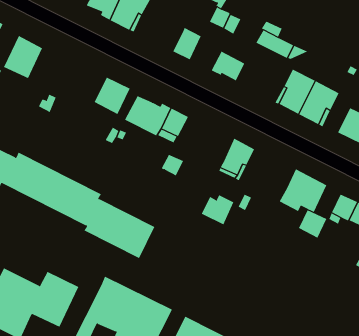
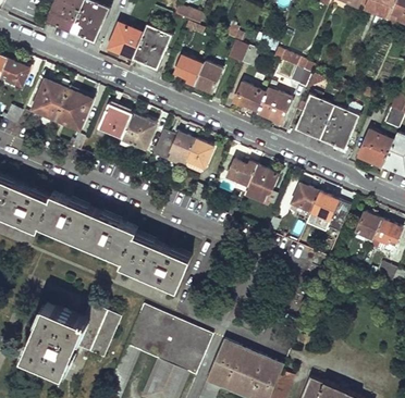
building: none -> [174,55,204,85]
building: none -> [58,89,94,129]
building: none -> [257,88,292,122]
building: none -> [98,103,133,140]
building: [201,194,234,225] -> [228,158,259,187]
building: [298,210,327,239] -> [293,183,320,210]

